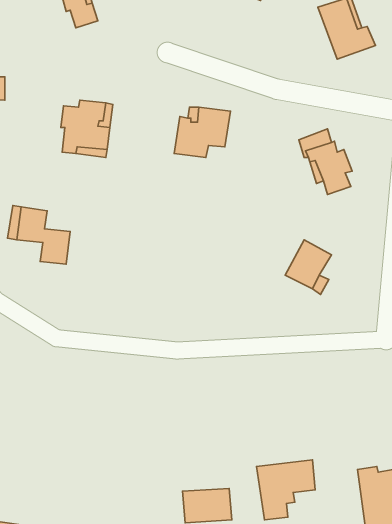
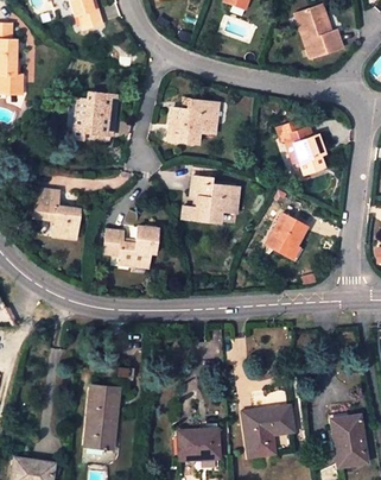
building: none -> [179,176,234,223]
building: none -> [107,225,158,266]
building: none -> [85,389,119,448]

